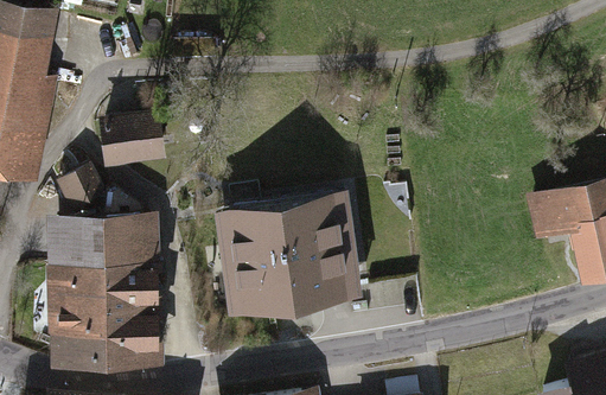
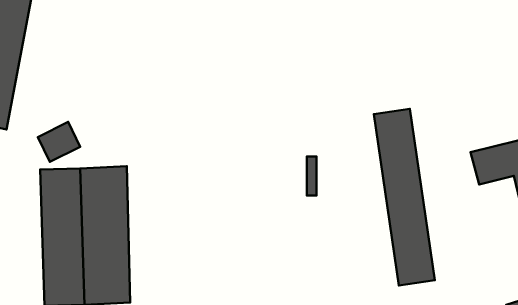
building: [102,112,161,158] -> none
building: none -> [374,109,435,286]
building: [229,195,349,306] -> none

